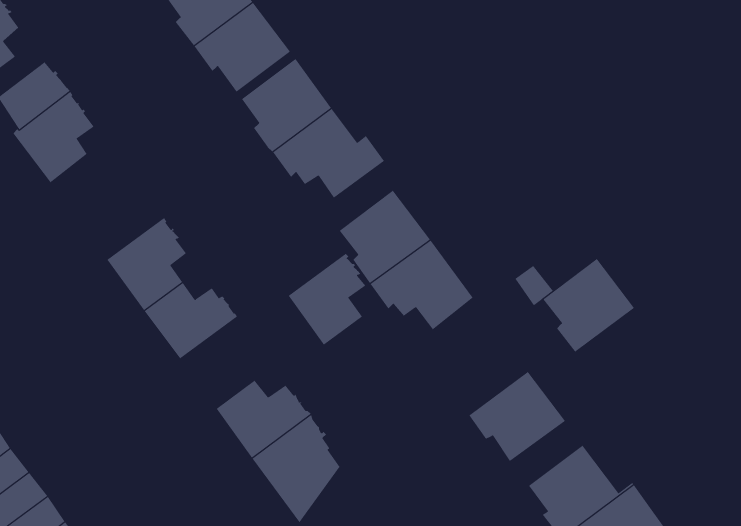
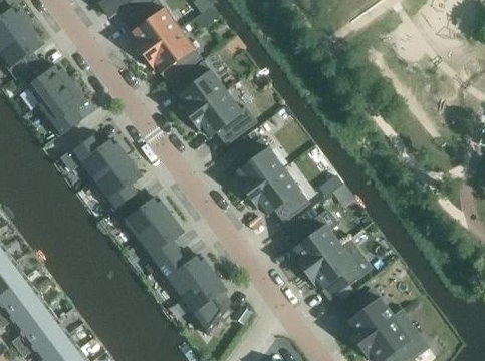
building: none -> [63,134,128,180]
building: [288,253,366,345] -> [137,214,183,268]
building: [542,258,635,352] -> [287,217,341,272]

